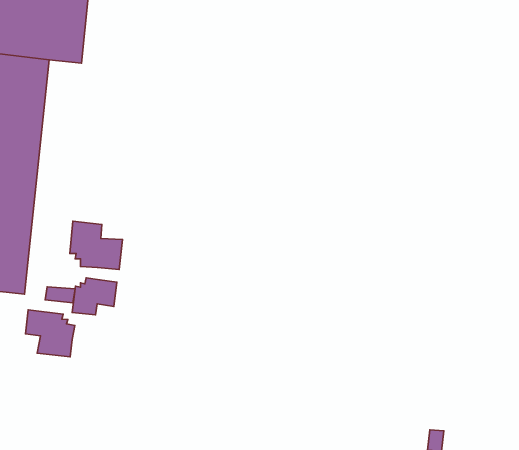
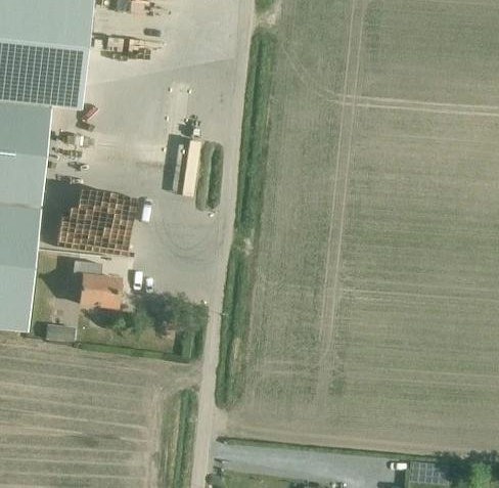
building: [72,278,117,315] -> none
building: [25,310,75,357] -> none

